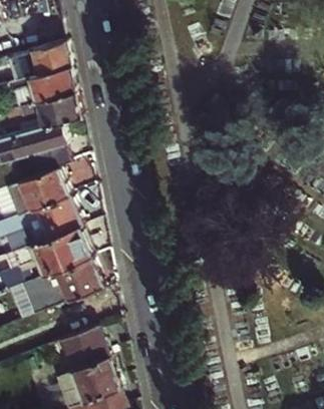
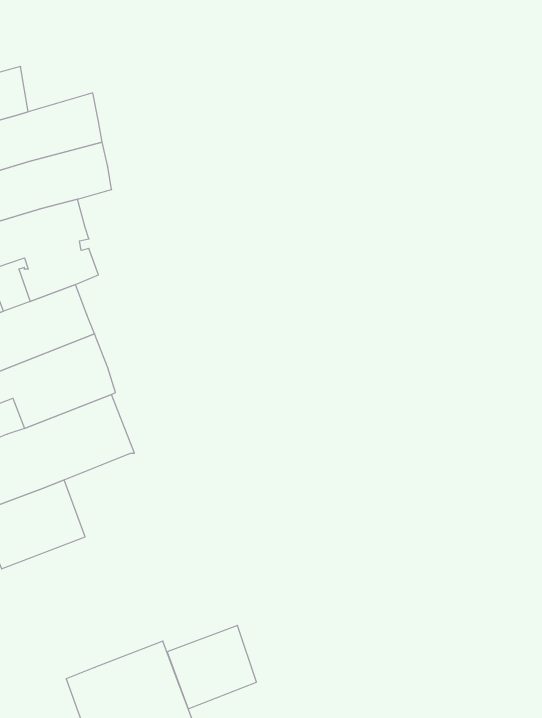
building: [32,43,70,75] -> none
building: [55,256,101,300] -> none
building: [60,325,107,369] -> [167,625,256,709]

